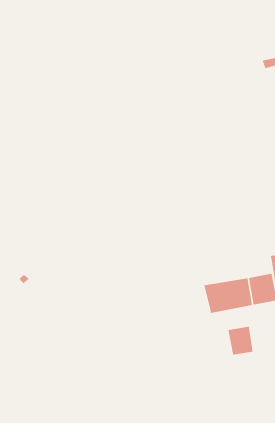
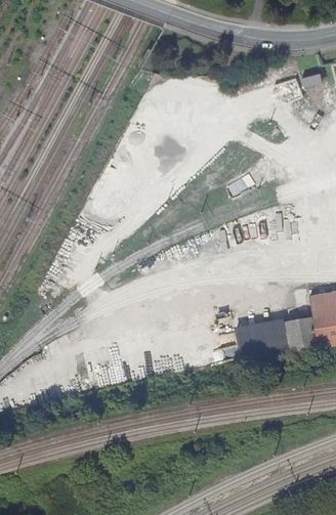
building: [228,326,253,355] -> none

